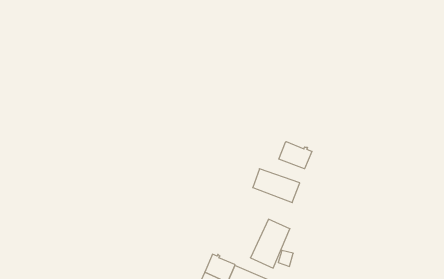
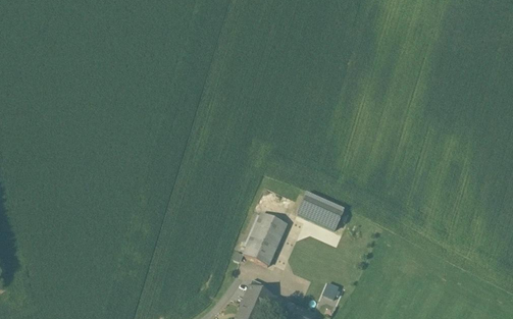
building: [279,142,312,169] -> none
building: [250,219,290,268] -> [244,212,287,265]

